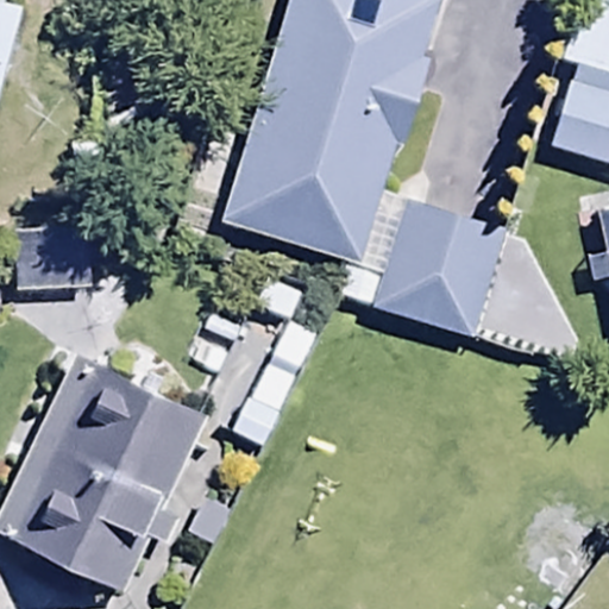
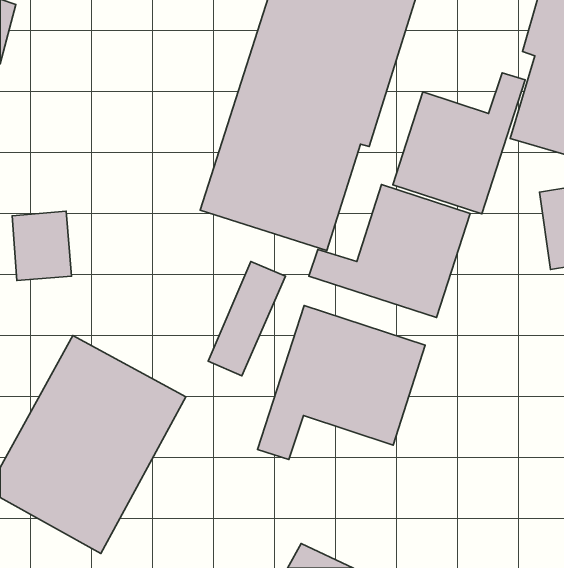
building: none -> [393,73,525,214]
building: none -> [257,306,425,459]

